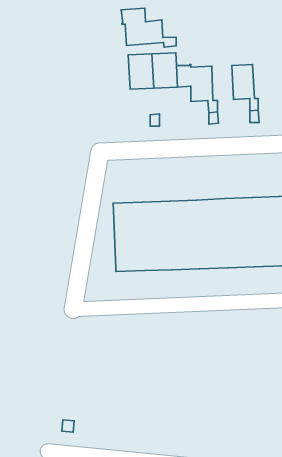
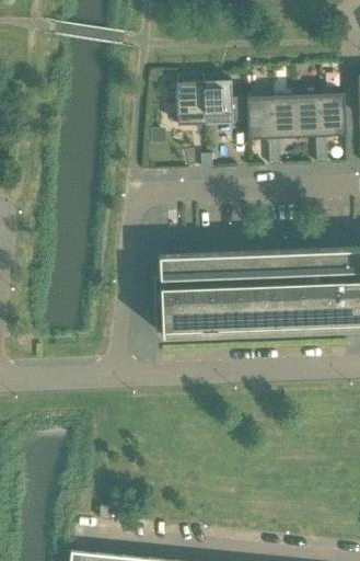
building: [121,8,176,47] -> none
building: none -> [318,94,345,135]
building: none -> [271,96,297,137]

